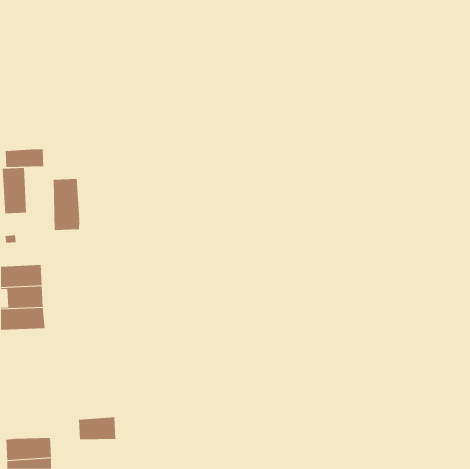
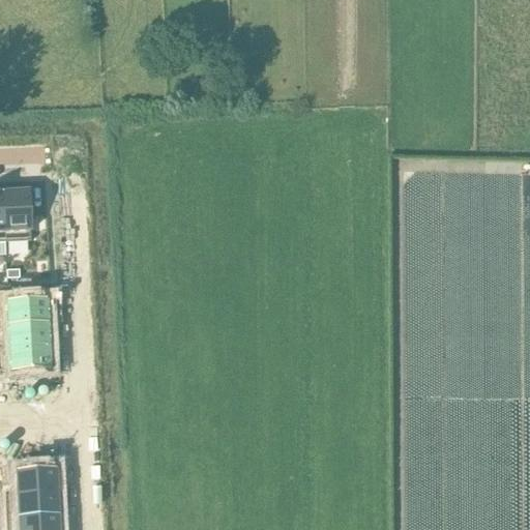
building: [5,148,44,168] -> none
building: [53,178,80,231] -> none
building: [78,417,116,440] -> [18,465,60,491]

